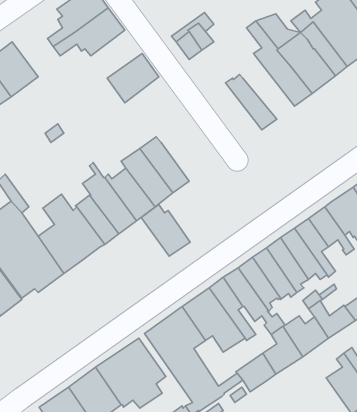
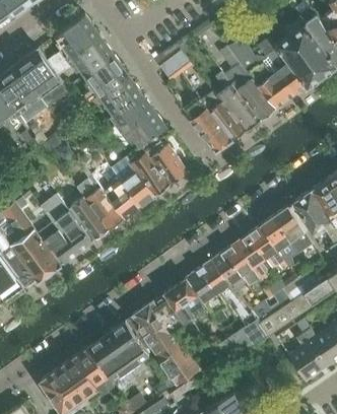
building: none -> [15,48,71,111]
building: none -> [83,54,128,102]
building: none -> [215,72,260,131]
building: none -> [113,94,164,145]
building: none -> [183,97,231,151]
building: [141,205,190,256] -> [144,140,187,185]

